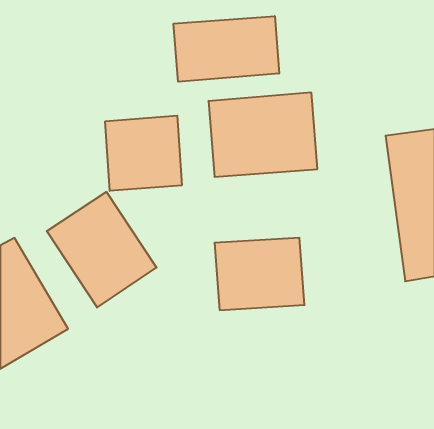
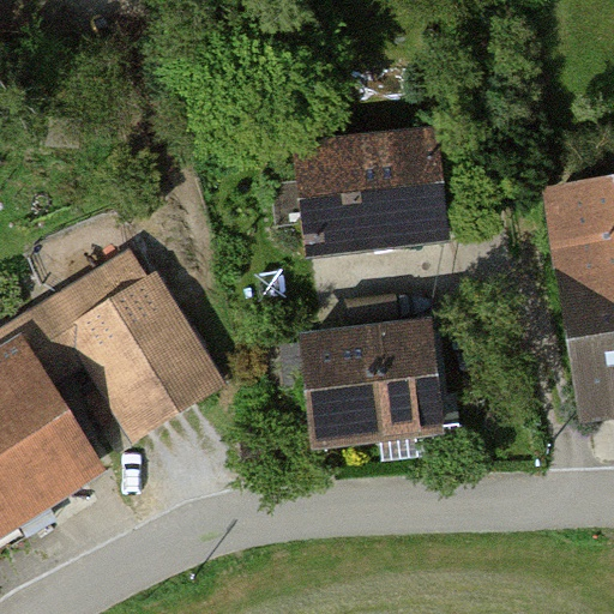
building: [174,16,279,82] -> none
building: [105,116,182,191] -> none

